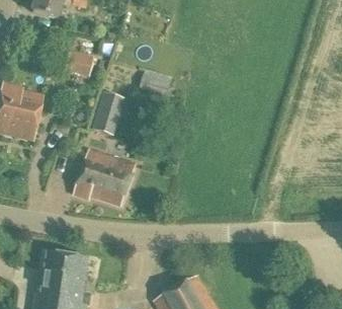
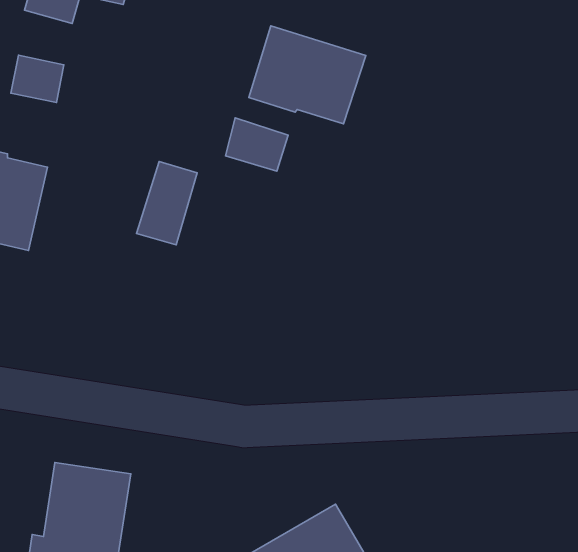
building: none -> [249,26,366,124]
building: [64,50,92,75] -> [11,55,64,103]
building: [73,148,136,206] -> none

